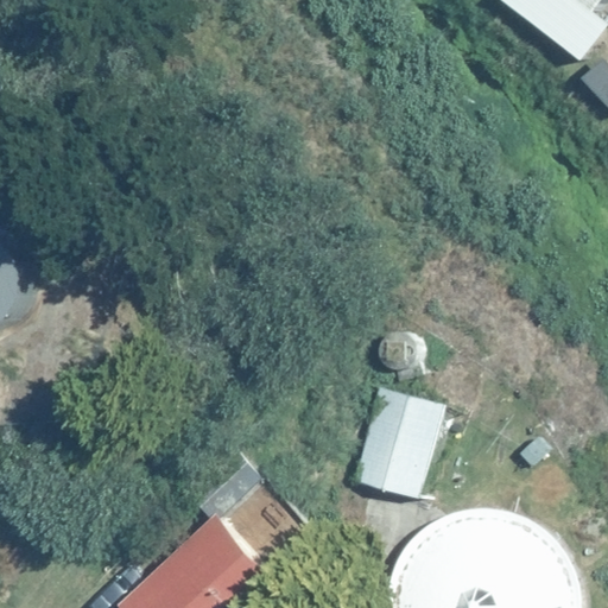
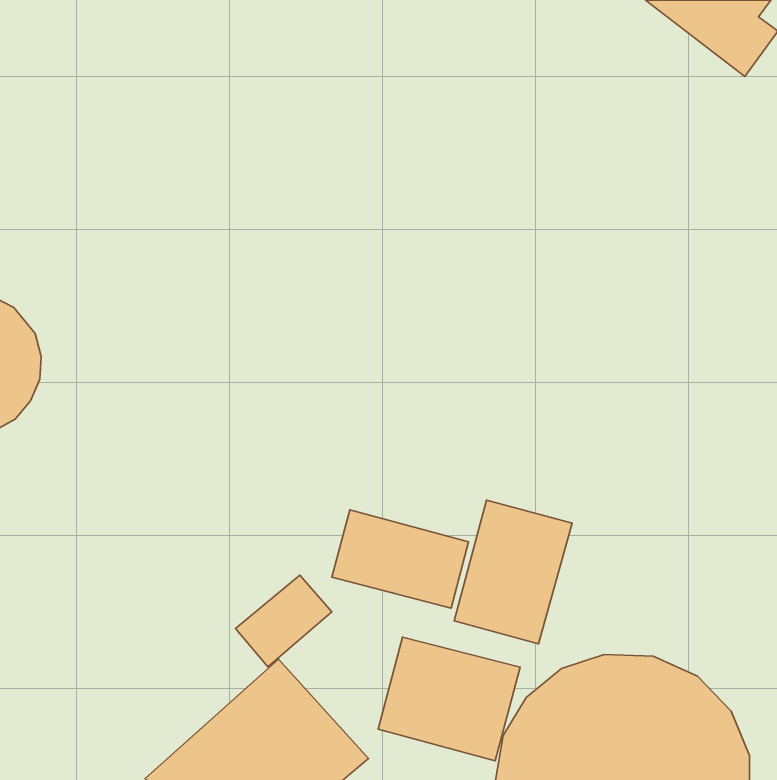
building: none -> [332,510,469,608]
building: none -> [378,637,520,761]

